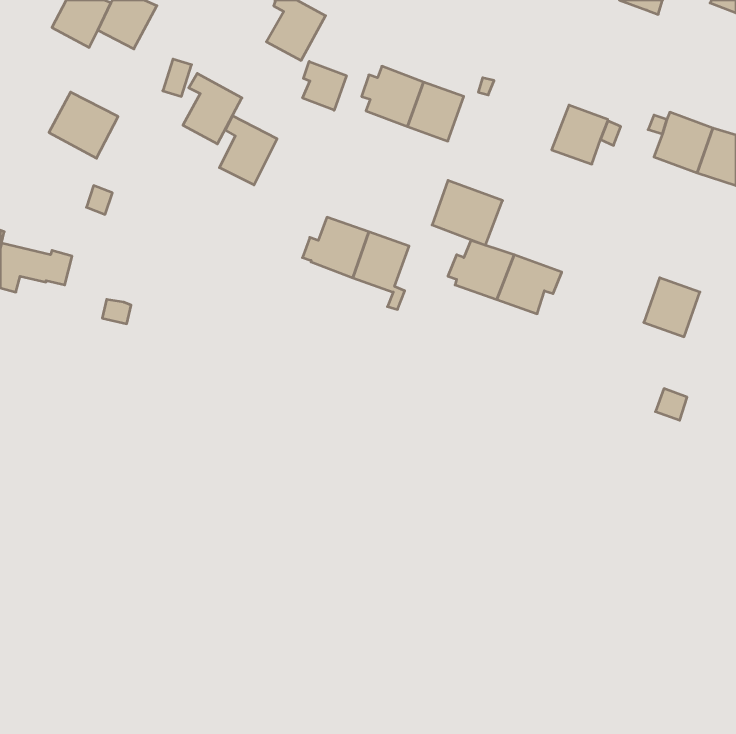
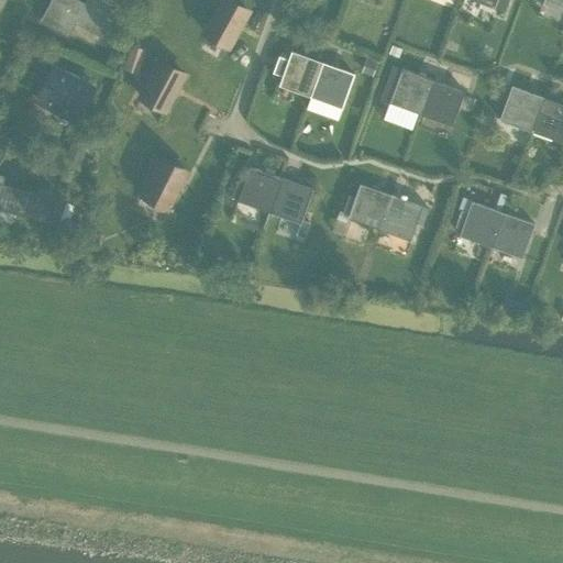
building: [303,61,346,110] -> none
building: [219,116,277,185] -> [142,156,186,209]
building: [432,180,503,245] -> [380,66,434,115]
building: none -> [455,202,504,247]

